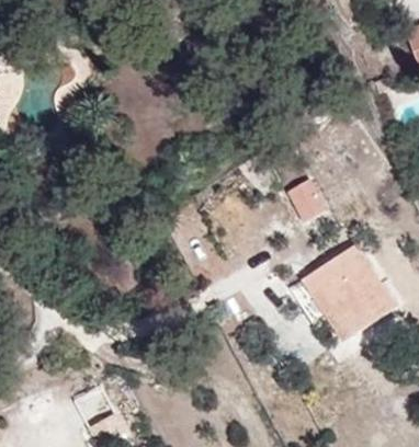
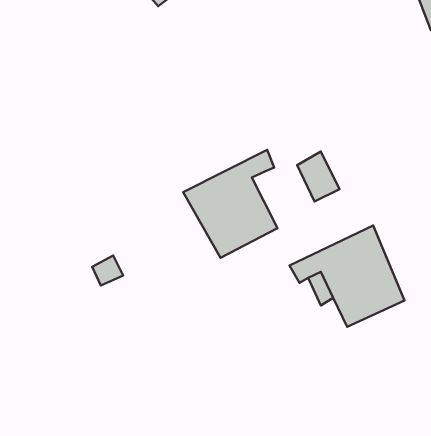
building: none -> [183,150,277,258]

